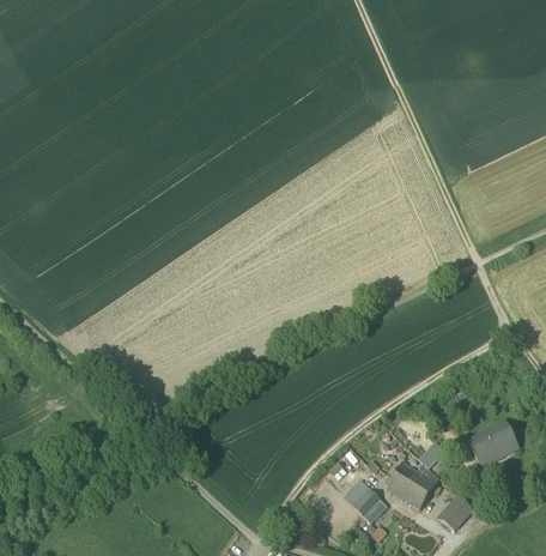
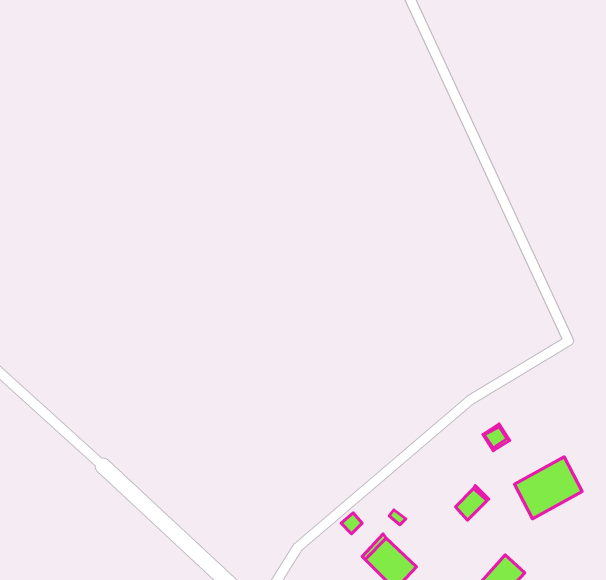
building: [386,461,438,509] -> none

